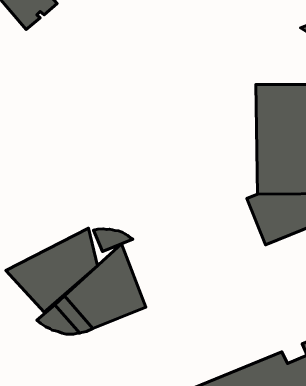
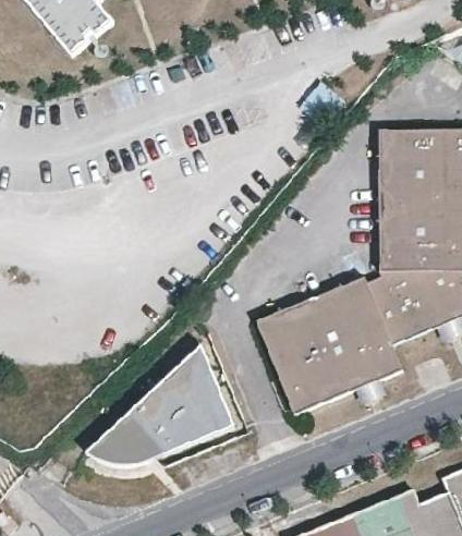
building: none -> [256,277,403,414]
building: [6,228,98,312] -> none
building: [94,229,133,252] -> none

